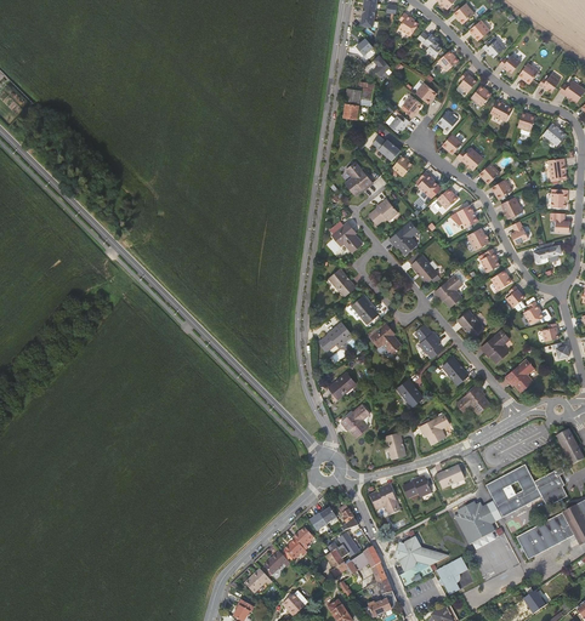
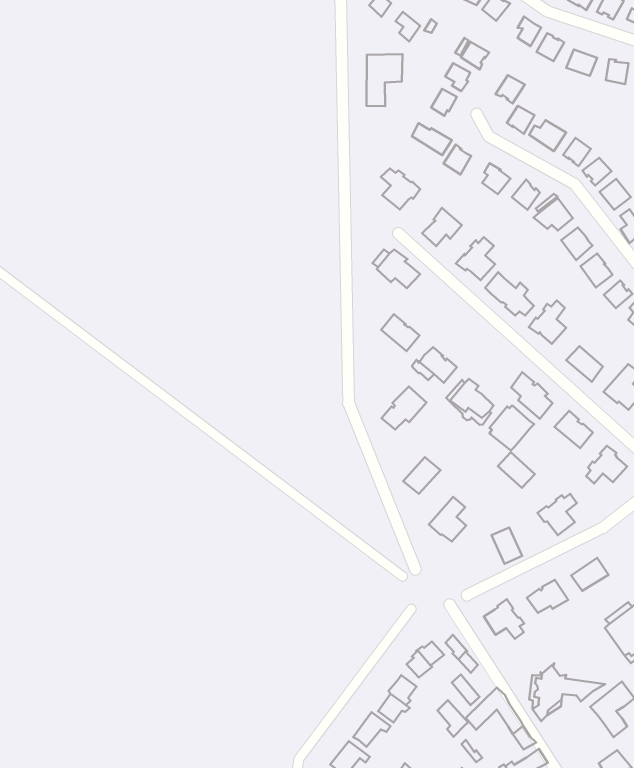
building: none -> [489,406,534,450]

